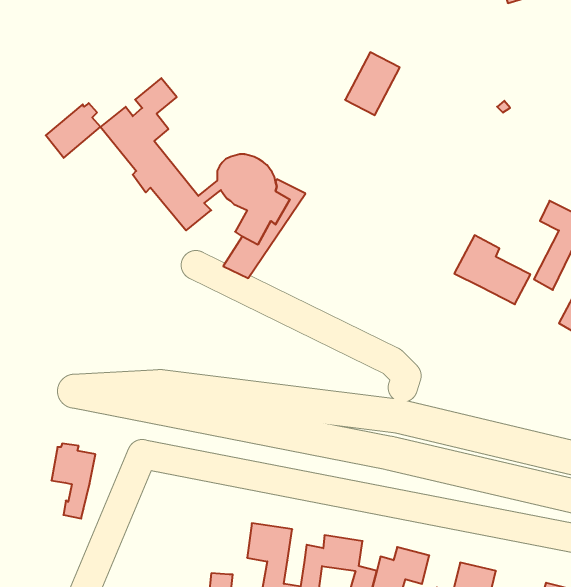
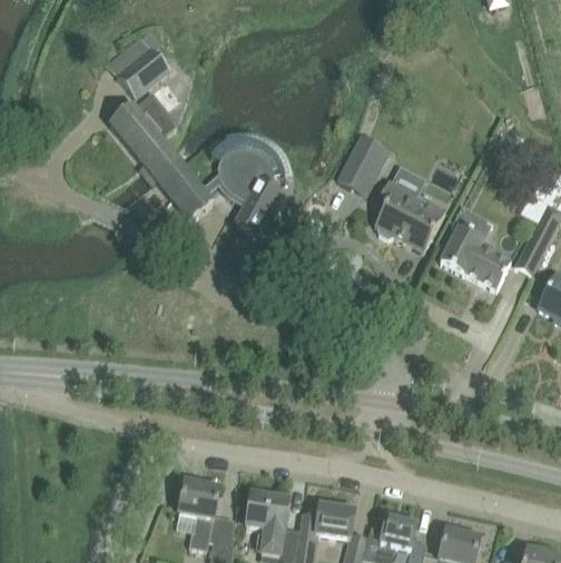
building: [345,52,400,115] -> [337,132,388,191]
building: [46,103,101,158] -> [117,43,168,95]
building: none -> [374,177,445,248]
building: [51,444,95,519] -> [178,475,219,545]

